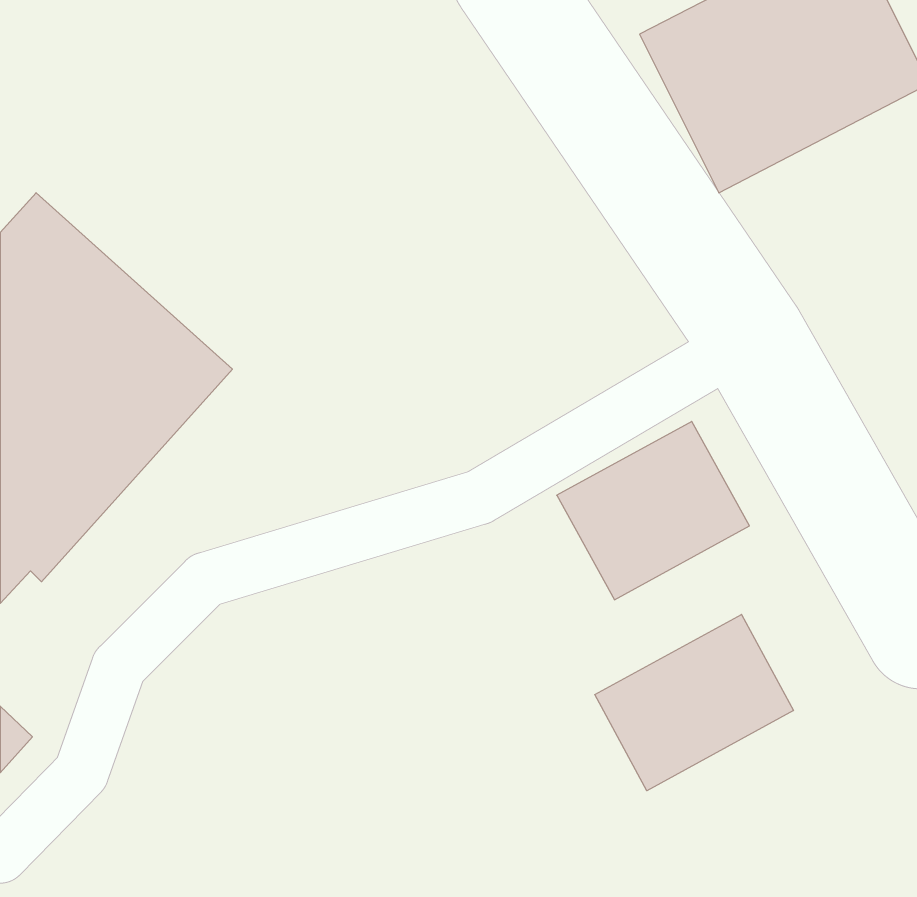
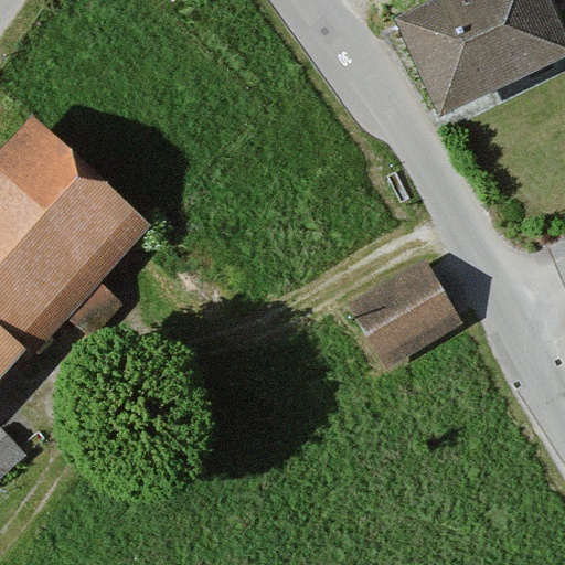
building: [595,614,793,791] -> none

